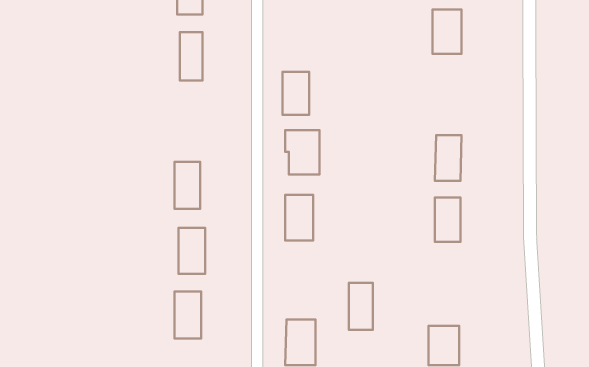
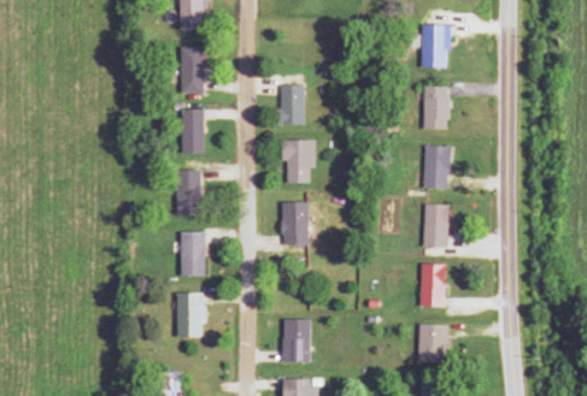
building: none -> [424,85,448,128]
building: none -> [182,108,204,153]
building: [349,283,373,330] -> [422,262,445,307]

